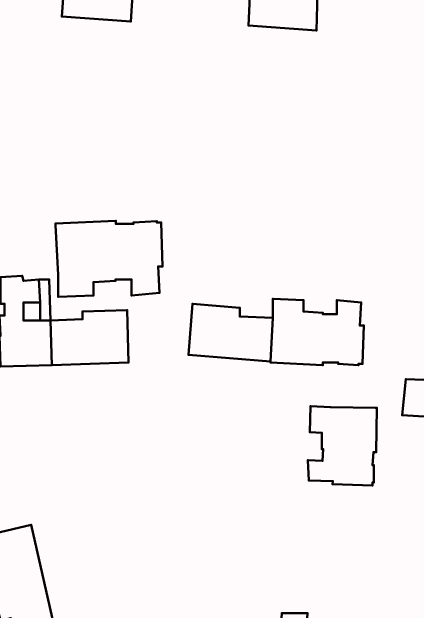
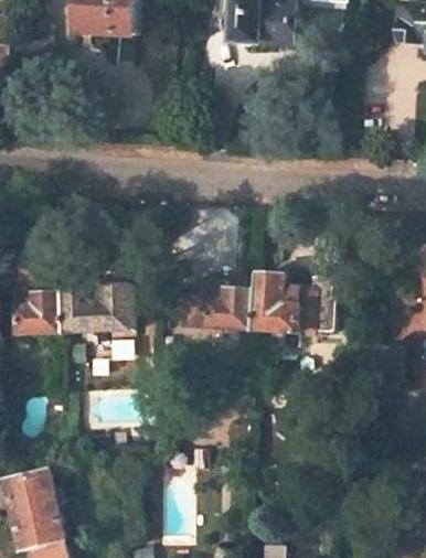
building: [56,221,162,297] -> none
building: [308,406,377,486] -> none

